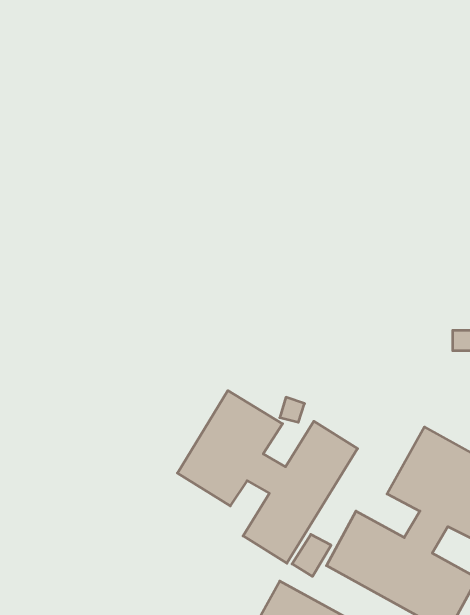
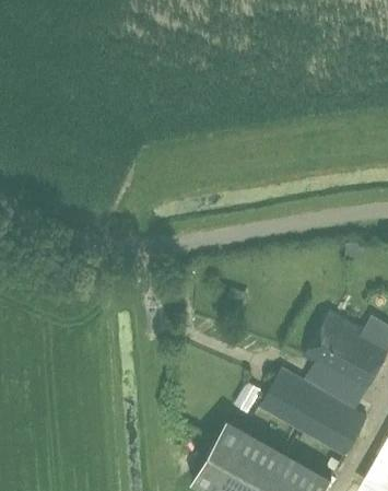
building: [177,391,358,563] -> none

